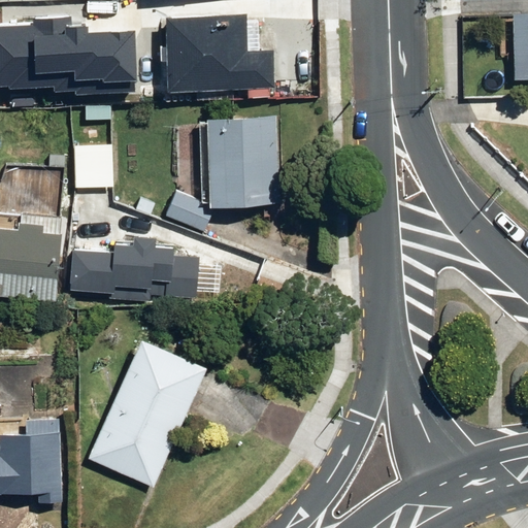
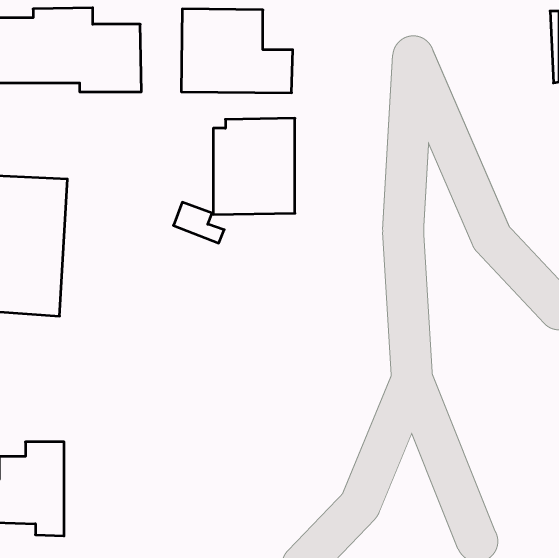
building: [70,235,193,301] -> none
building: [89,335,207,488] -> none

